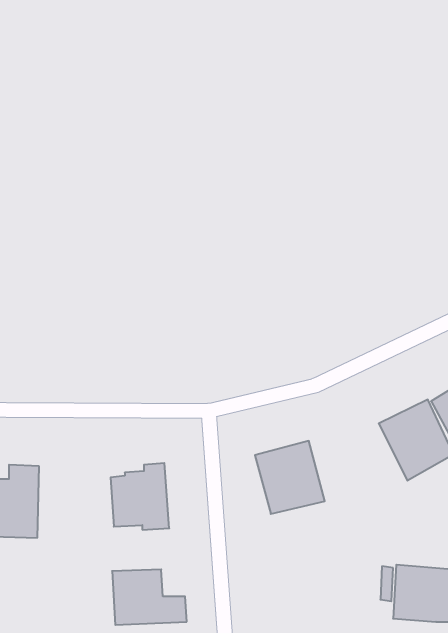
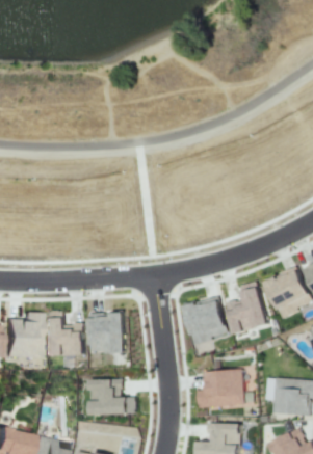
building: none -> [229,282,268,335]
building: none -> [48,319,82,356]
building: none -> [198,370,243,407]

